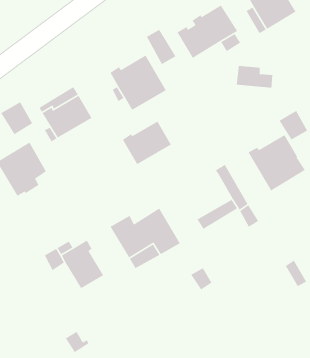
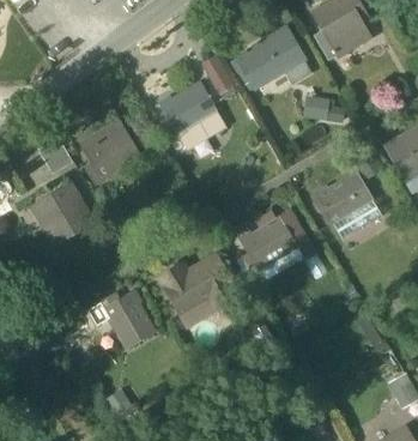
building: [122,120,172,165] -> [241,218,297,268]

